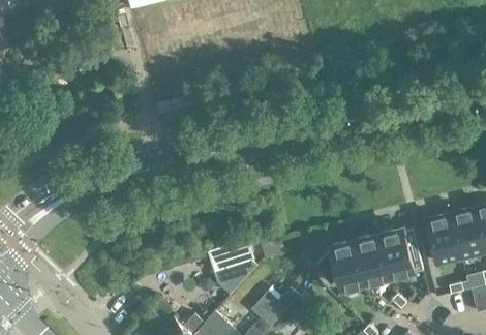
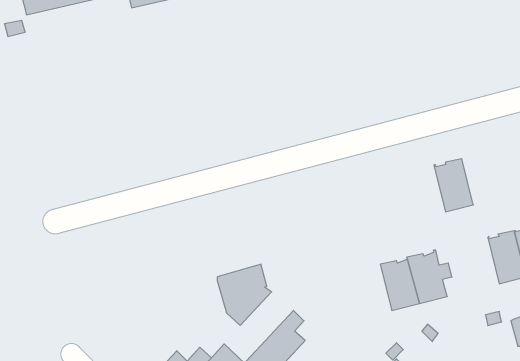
building: [426,215,461,263] -> [434,159,473,212]
building: [311,239,365,286] -> none

